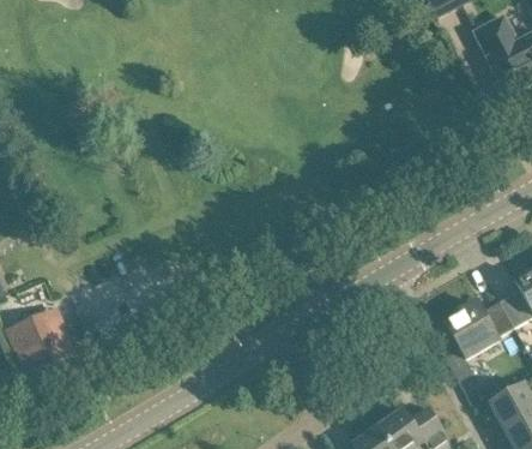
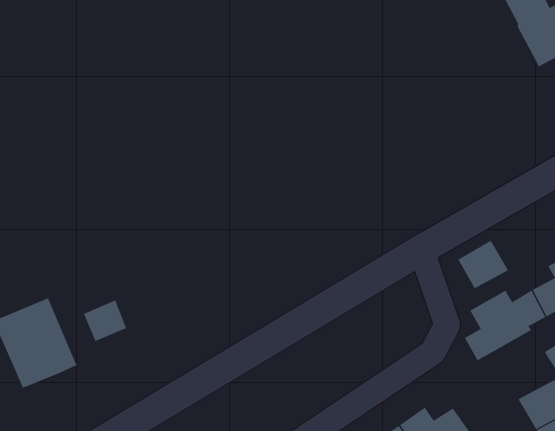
building: none -> [457,240,509,289]
building: none -> [83,299,127,342]

